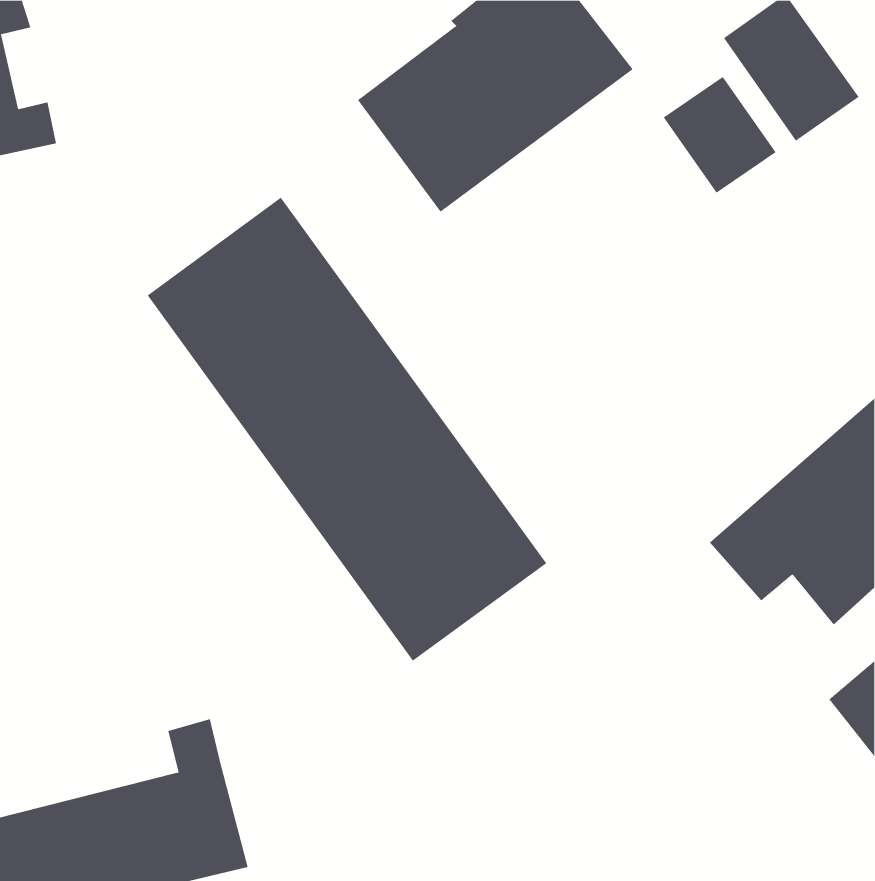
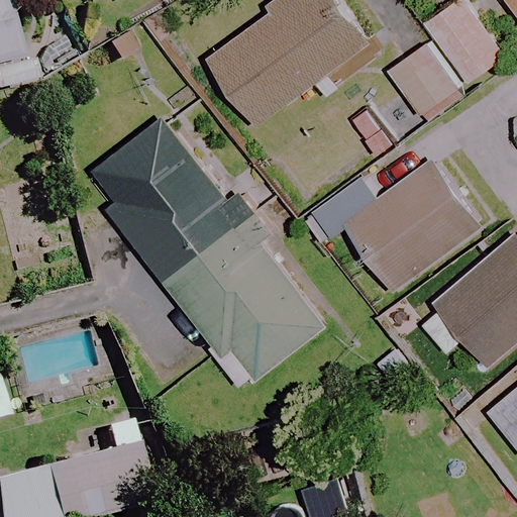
building: none -> [307,158,484,293]

